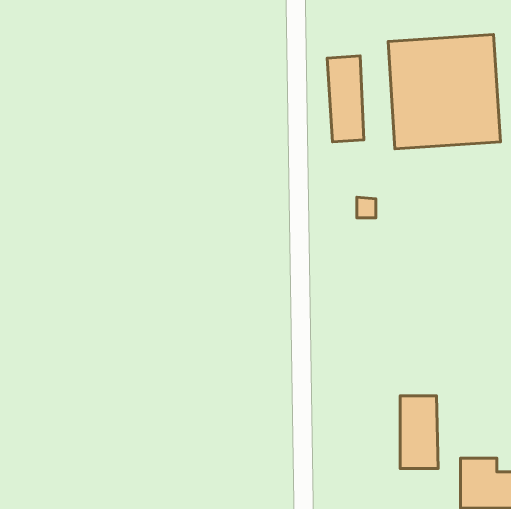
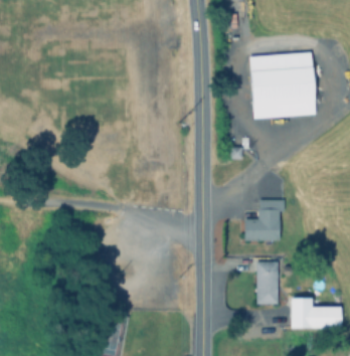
building: [327,56,364,142] -> none
building: none -> [244,200,285,245]

